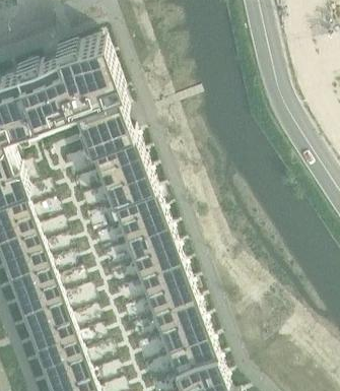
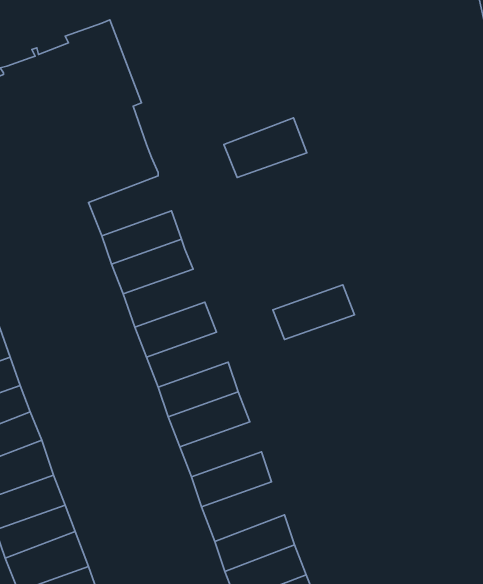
building: [83,126,134,162] -> [224,118,307,178]
building: [105,183,154,218] -> none
building: [119,221,168,255] -> [273,285,354,340]
building: [139,276,189,310] -> none
building: [152,313,203,349] -> none

